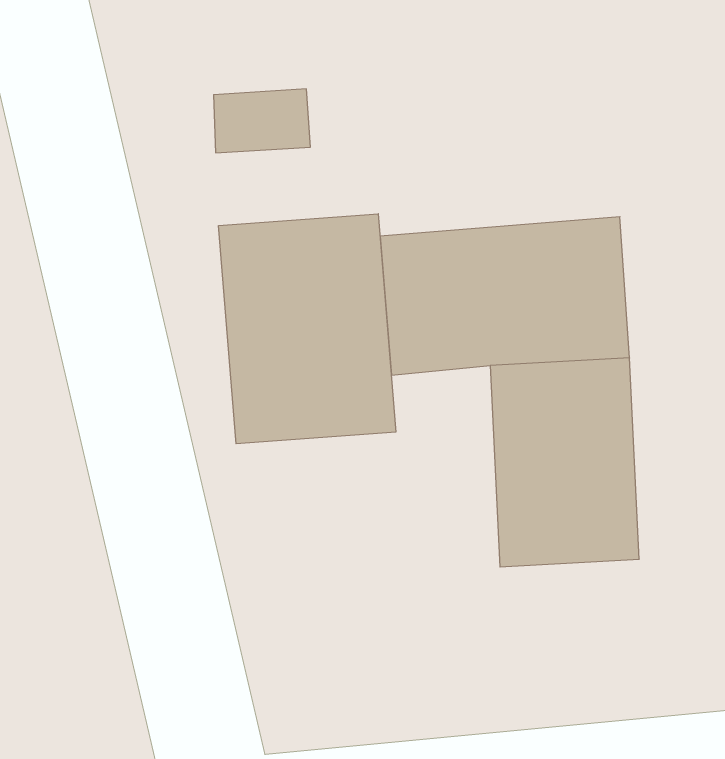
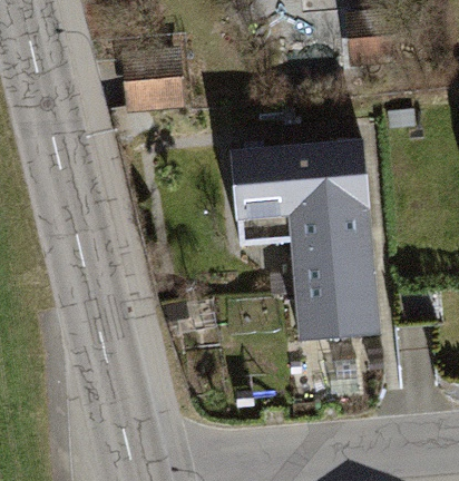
building: [219,214,396,444] -> none

